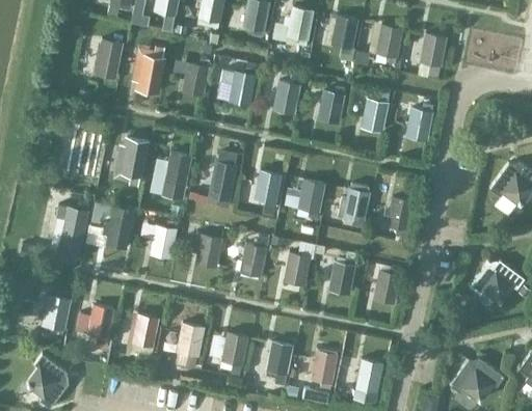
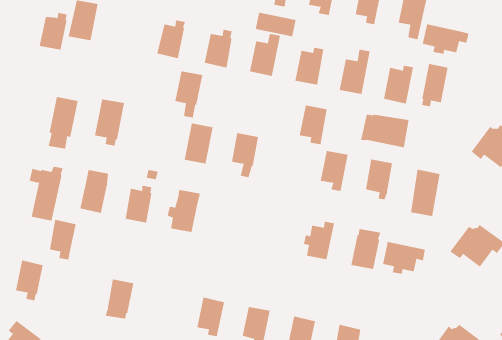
building: [136,51,164,88] -> [39,12,67,50]
building: none -> [255,12,296,37]
building: none -> [422,23,469,55]
building: none -> [421,63,448,107]
building: none -> [360,114,409,148]
building: [163,153,191,199] -> [175,71,203,118]
building: [296,179,324,218] -> [299,105,327,145]
building: none -> [411,169,440,217]
building: [238,240,266,278] -> none
building: [282,249,310,286] -> none
building: none -> [382,241,426,275]
building: [86,305,113,346] -> [49,219,76,260]
building: [175,323,203,363] -> none

